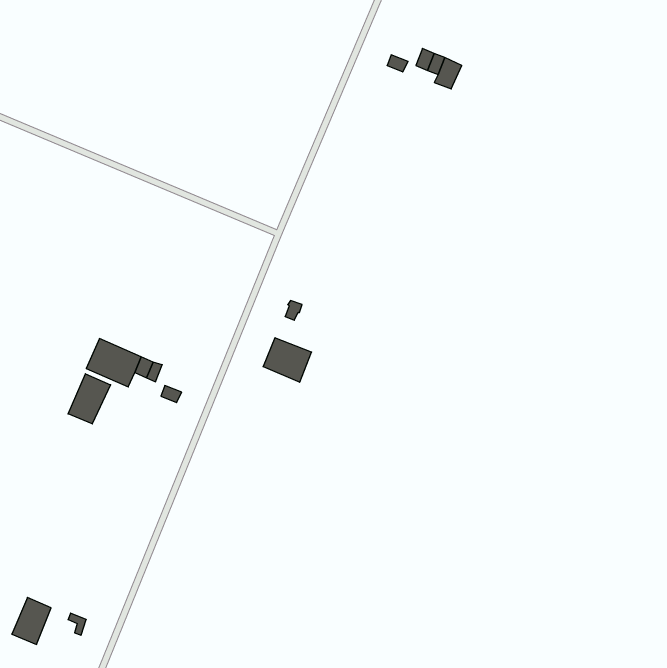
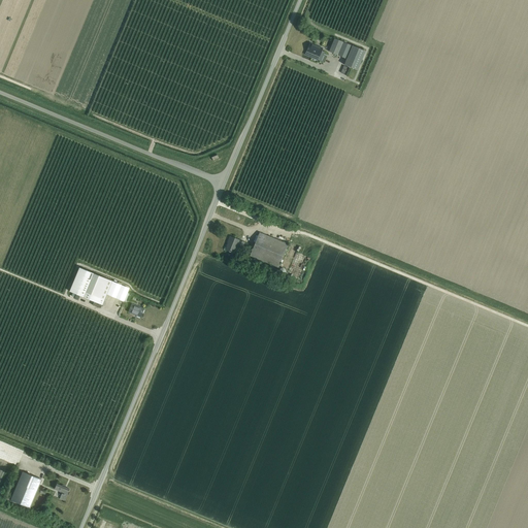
building: [263,338,312,382] -> [249,233,287,268]
building: [68,374,111,424] -> none

